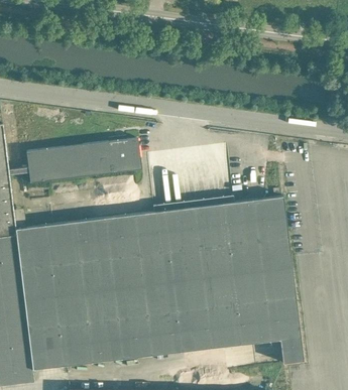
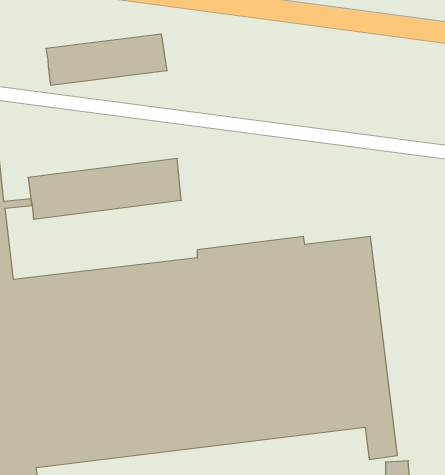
building: none -> [46,34,167,85]

